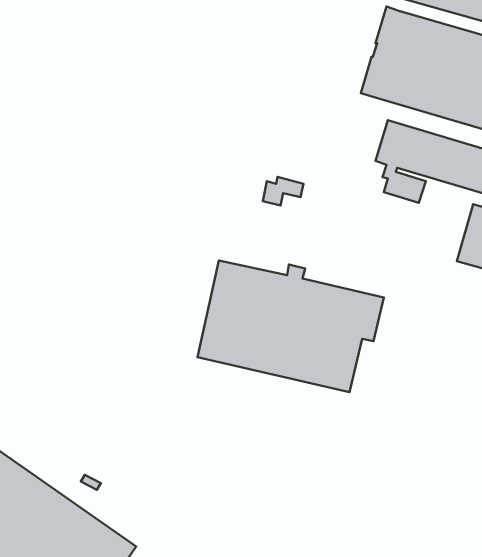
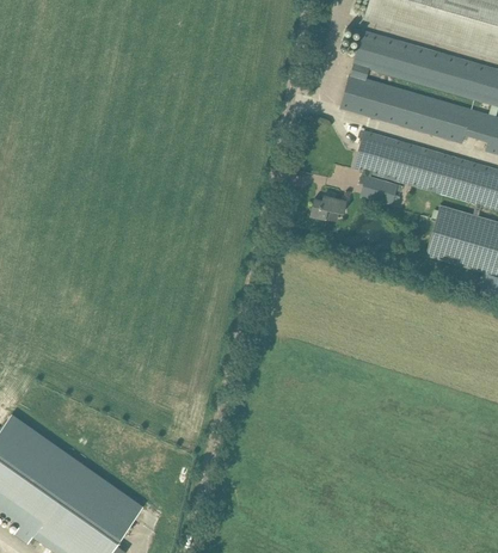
building: [263,177,303,205] -> [312,193,348,219]
building: [197,260,384,392] -> none

